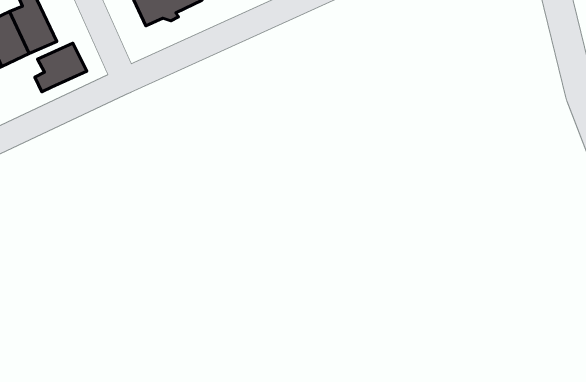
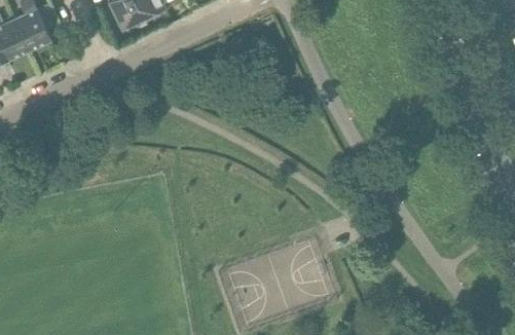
building: [35,43,87,92] -> none

